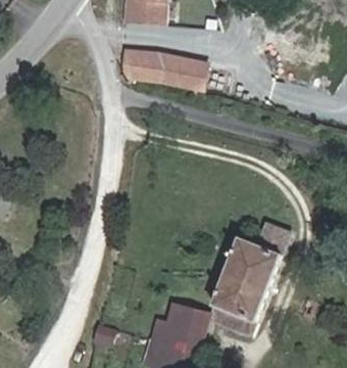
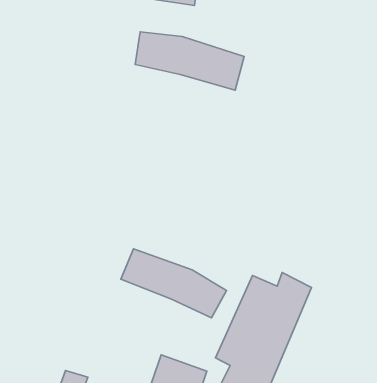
building: none -> [121,249,226,318]

